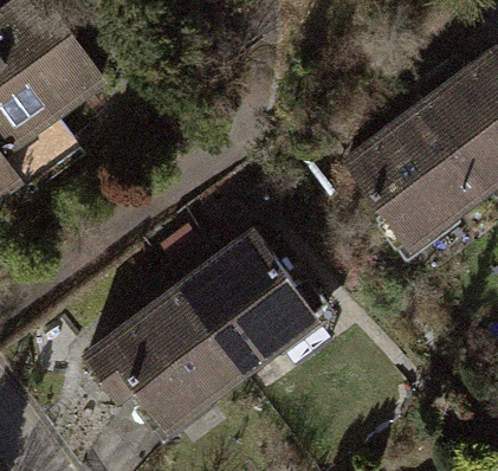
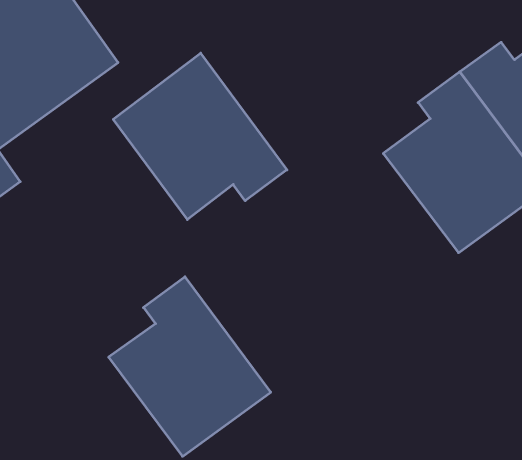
building: none -> [113,53,287,220]
building: [168,236,318,376] -> none

